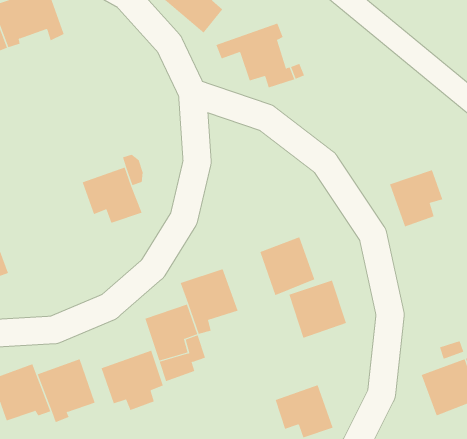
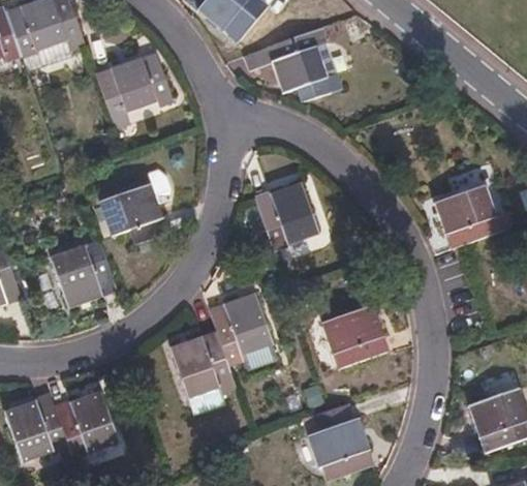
building: none -> [96,53,175,129]
building: none -> [51,241,119,307]
building: [260,236,315,296] -> [256,182,316,246]
building: [101,350,164,411] -> none

